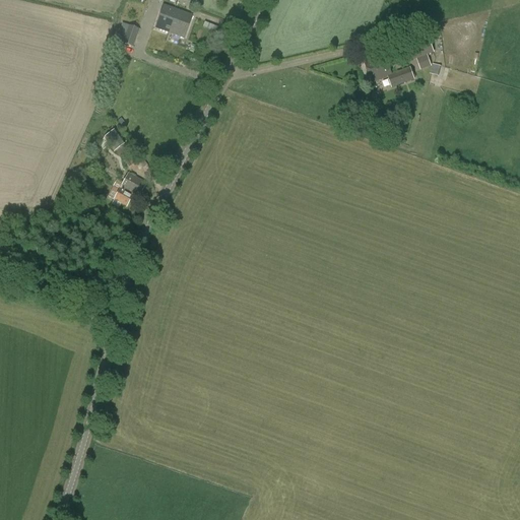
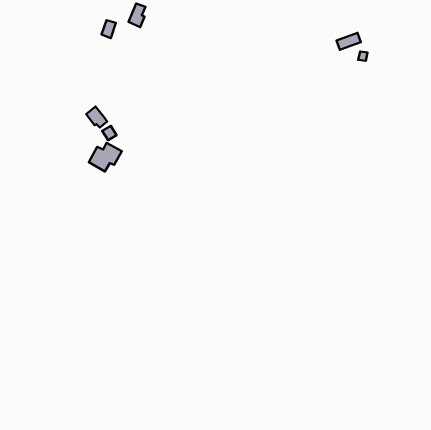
building: [170,8,193,38] -> none
building: [366,55,415,85] -> none

